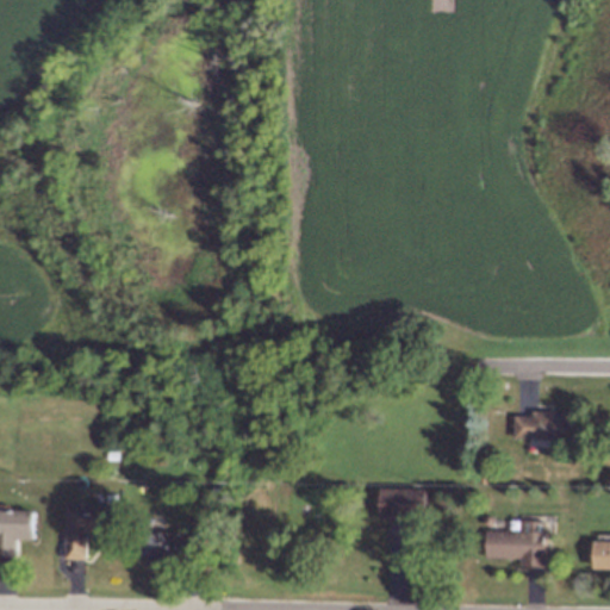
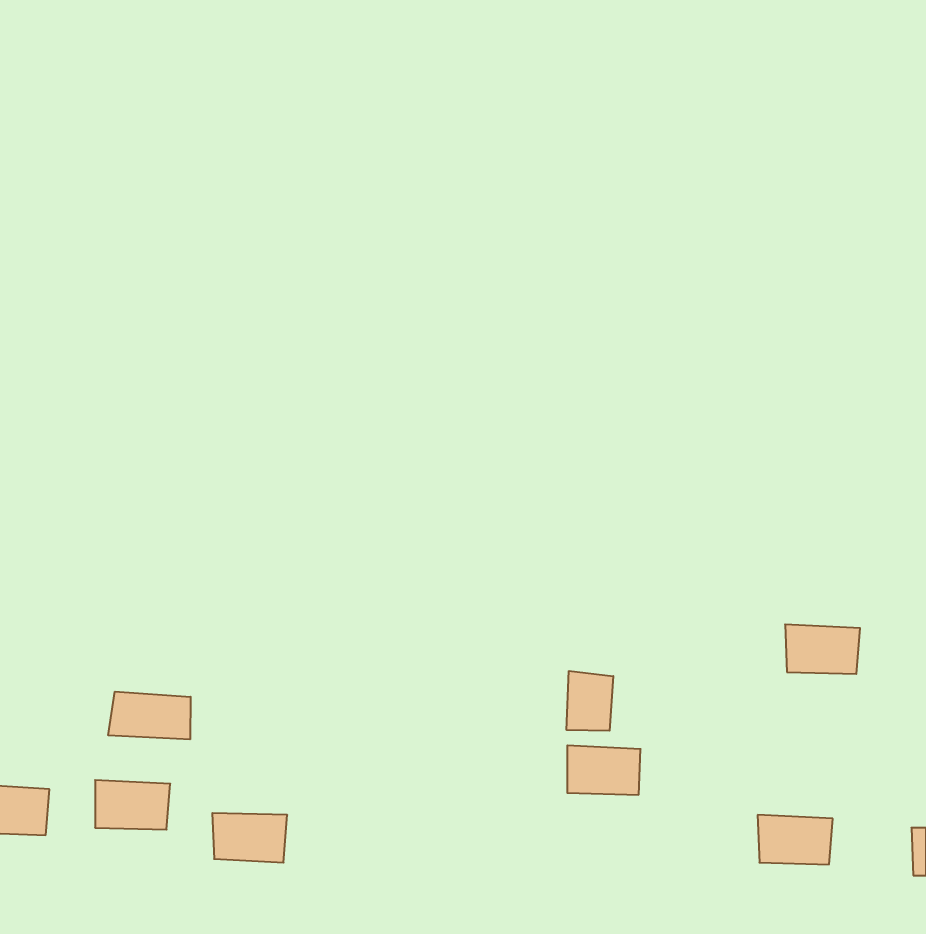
building: none -> [567,671,613,731]
building: none -> [108,692,191,739]

